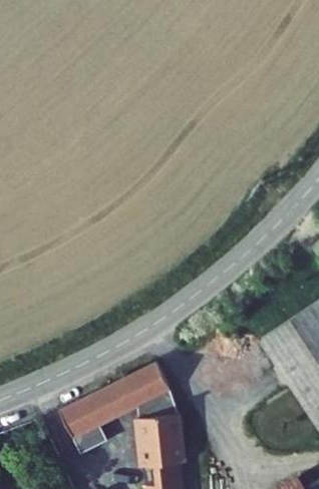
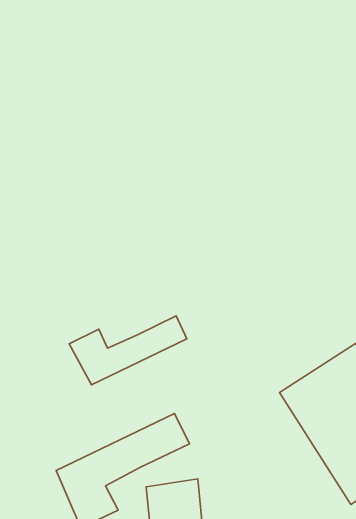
building: none -> [69,316,187,385]
building: [133,387,183,424] -> none

